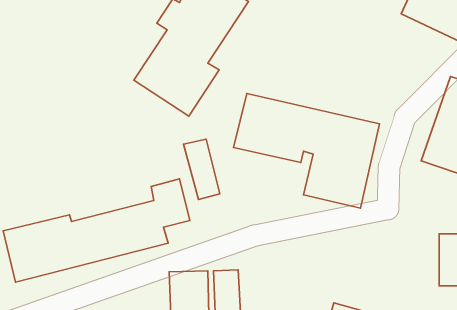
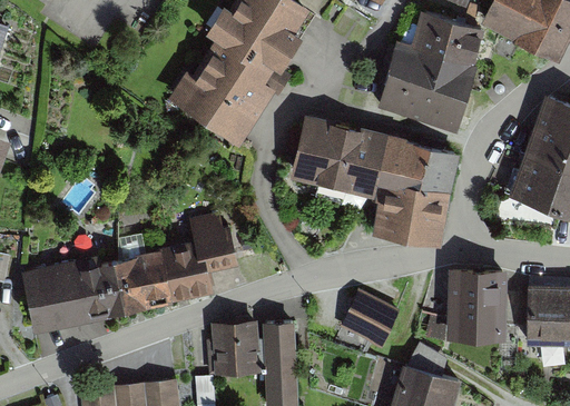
building: none -> [375,12,476,129]
building: [184,139,220,200] -> none
building: none -> [445,269,507,341]
building: none -> [341,291,399,348]

